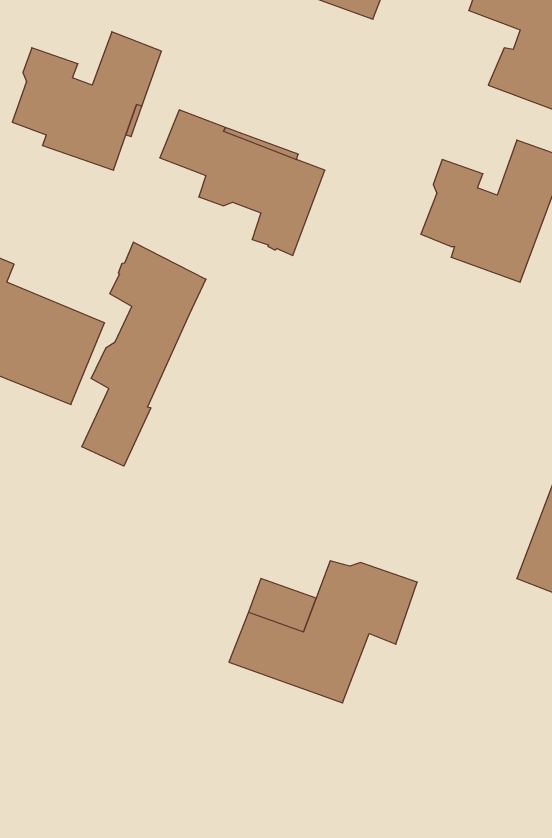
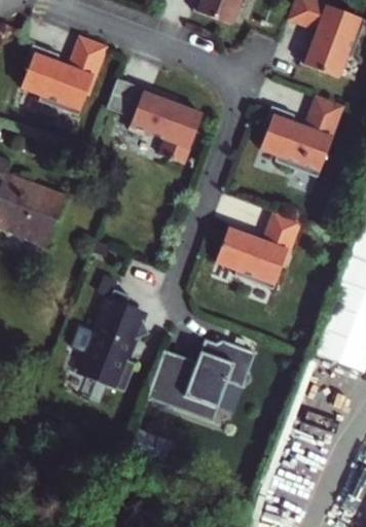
building: [82,242,206,466] -> none
building: none -> [214,212,303,297]
building: none -> [84,292,151,394]

